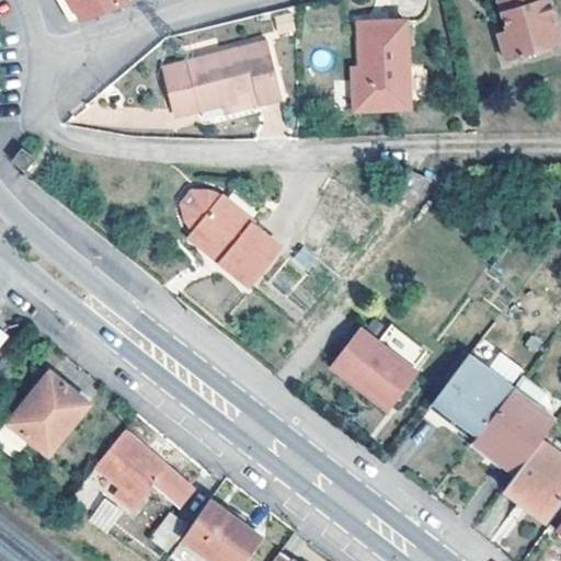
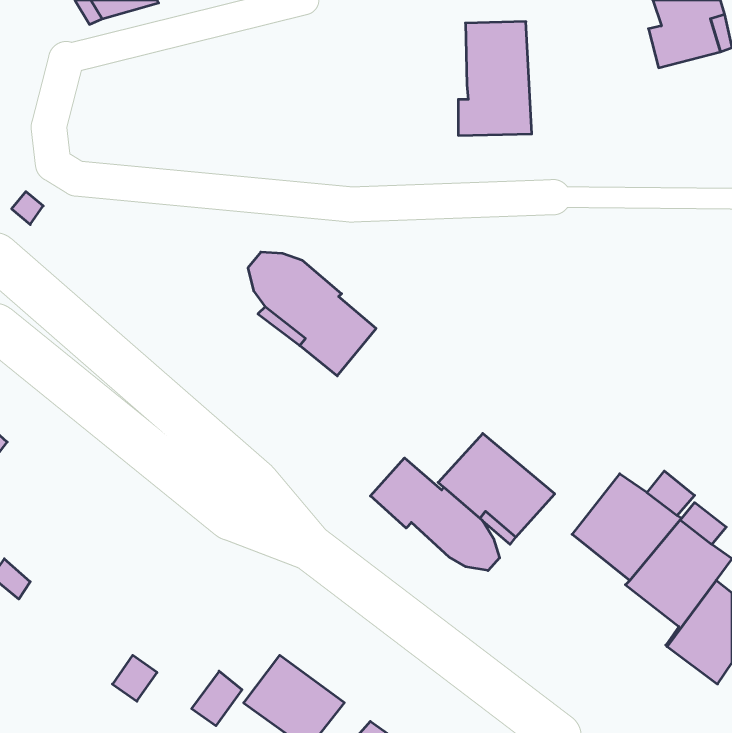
building: [162,39,278,114] -> none
building: none -> [370,458,500,571]
building: [11,373,89,454] -> none
building: [98,433,195,510] -> none

